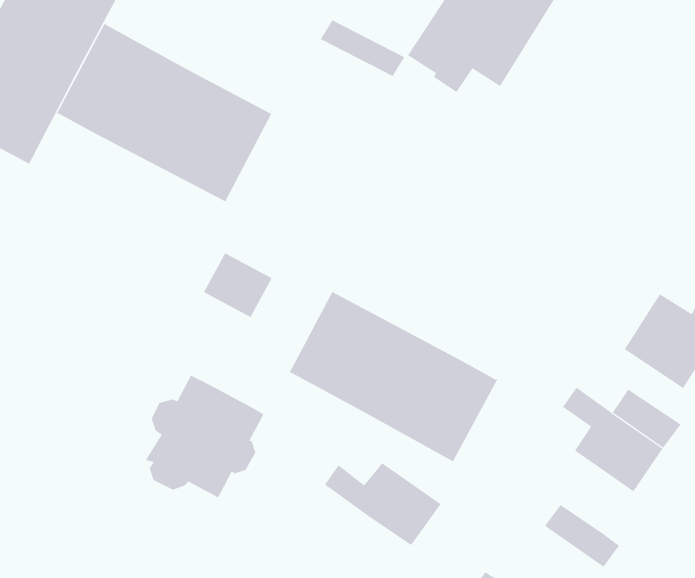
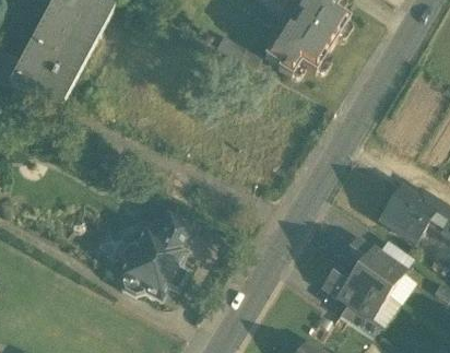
building: [56,23,272,202] -> none
building: [203,252,273,318] -> [156,212,194,248]
building: [289,291,498,462] -> none
building: [324,463,441,546] -> [324,270,389,316]

